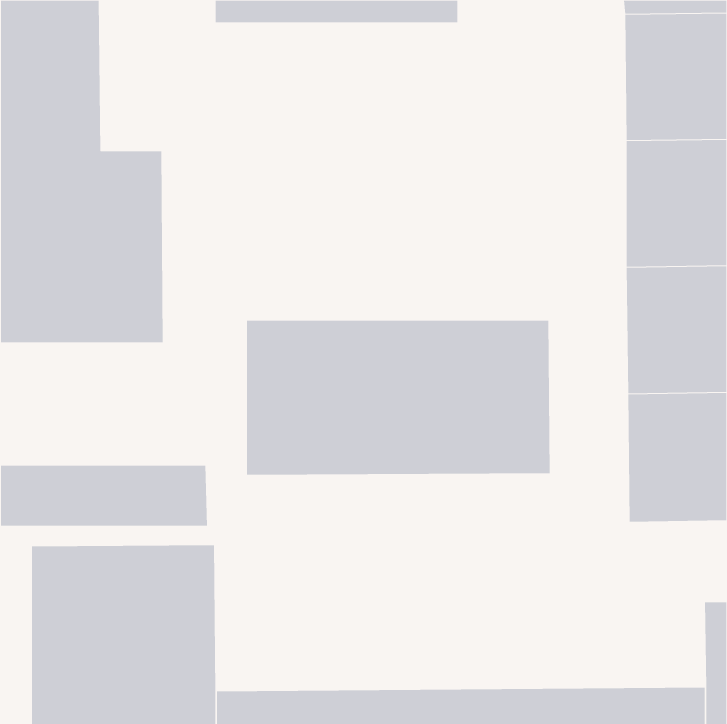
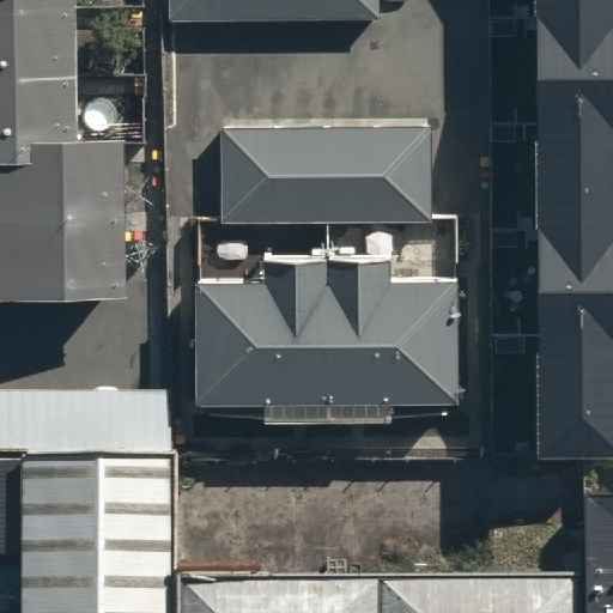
building: none -> [227,120,426,218]

